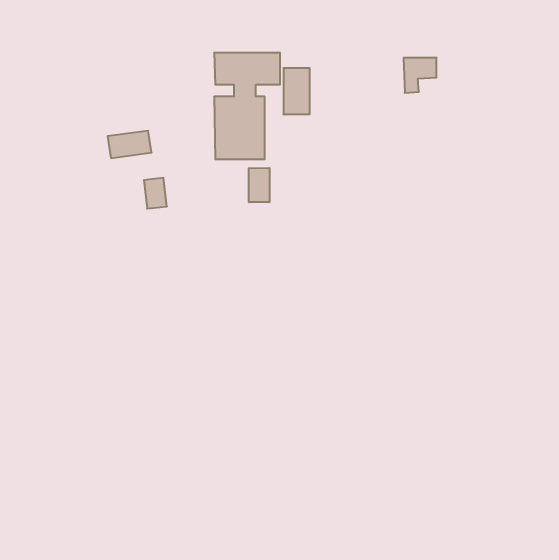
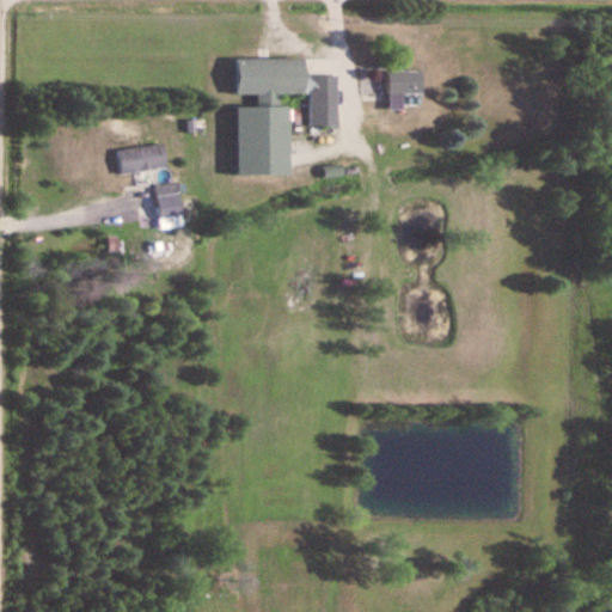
building: [404,58,437,93] -> [387,72,423,110]
building: [249,168,269,202] -> none

